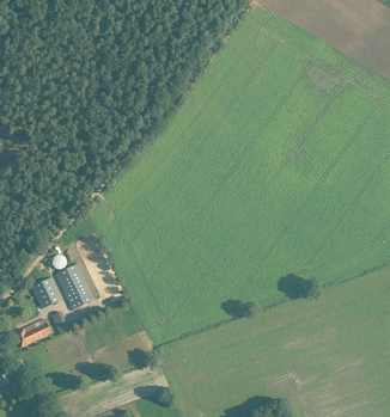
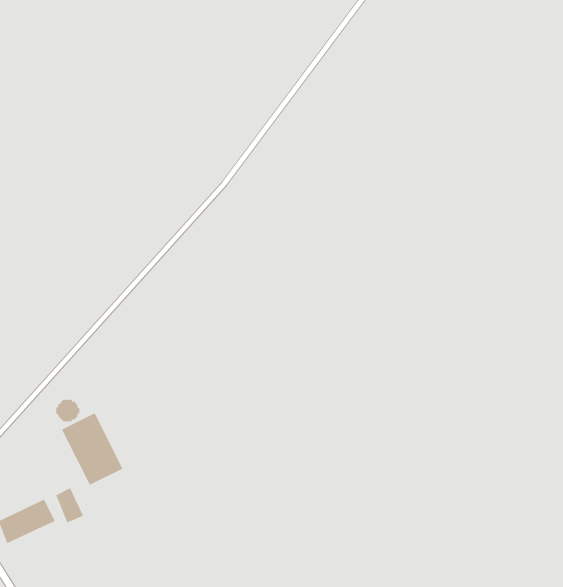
building: [31,277,62,308] -> none

